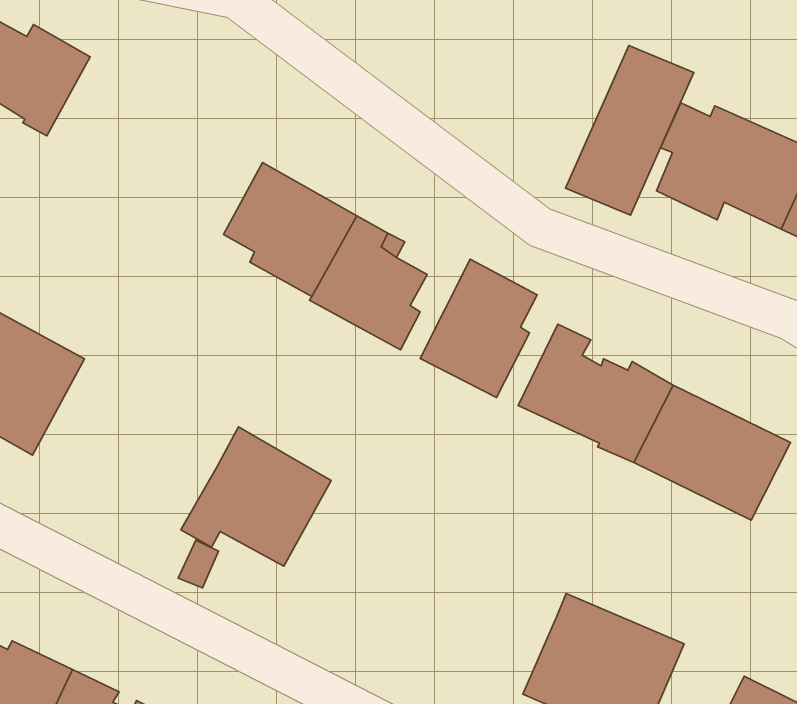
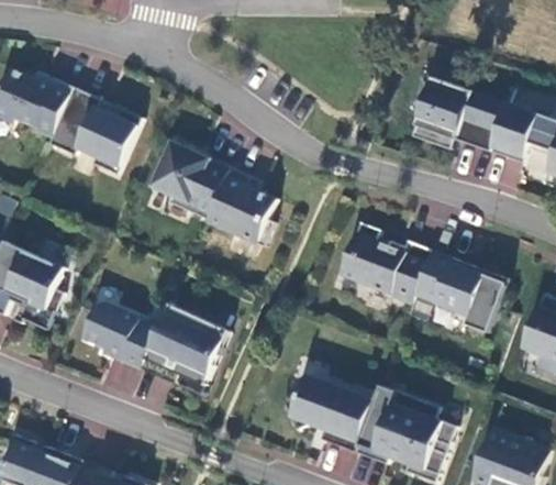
building: [566,45,694,215] -> none
building: none -> [44,85,138,168]
building: [420,259,537,397] -> none
building: none -> [82,301,159,367]
building: none -> [283,373,375,449]

